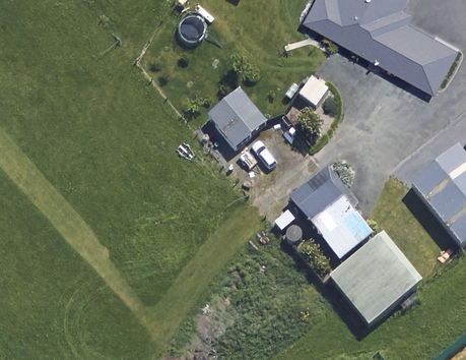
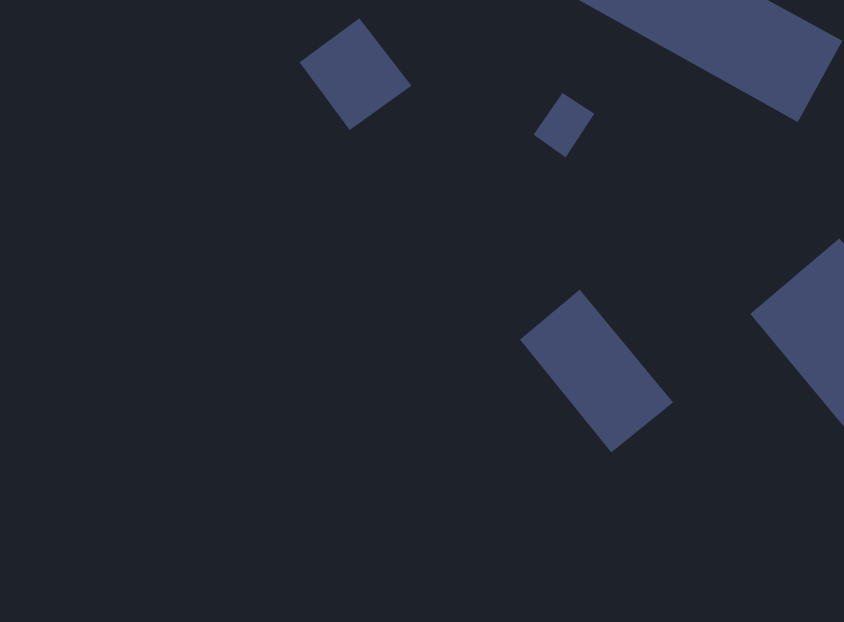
building: [206,89,265,148] -> [298,17,413,131]
building: [332,235,423,325] -> none

